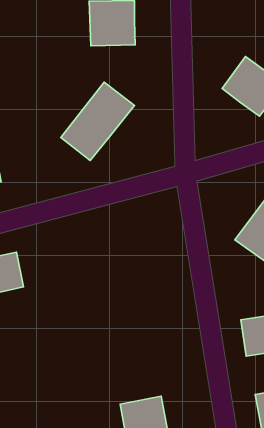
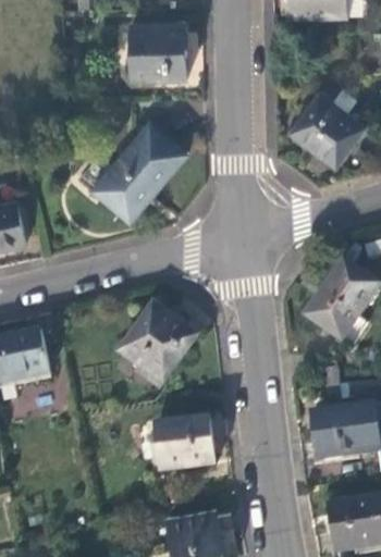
building: none -> [116,301,195,382]
building: none -> [156,413,213,469]

